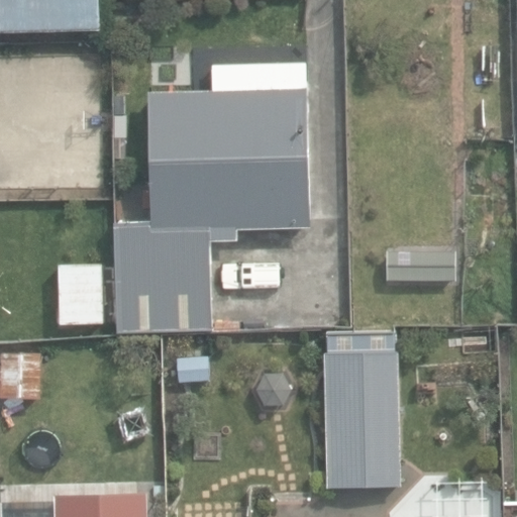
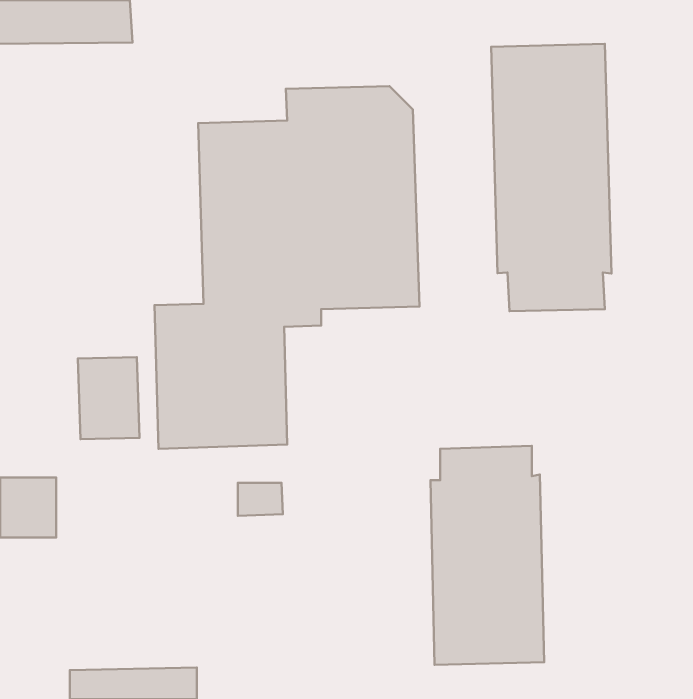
building: none -> [491,44,612,311]

